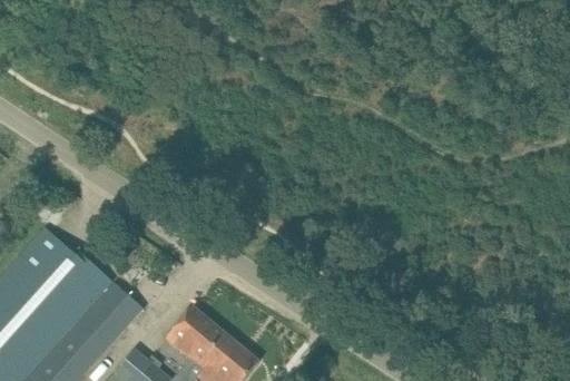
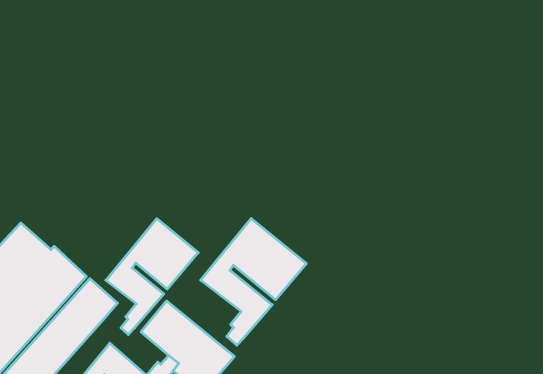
building: none -> [201,218,306,345]
building: none -> [106,219,198,335]

